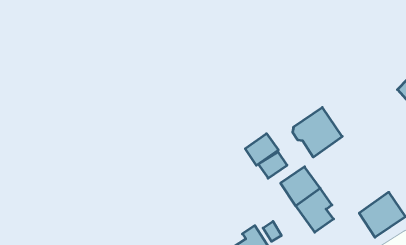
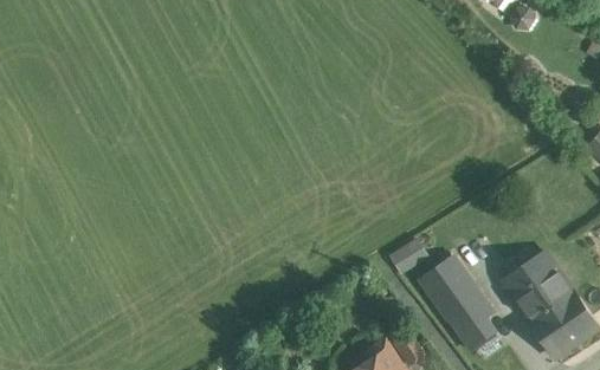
building: [293,107,342,157] -> [503,252,574,323]
building: [245,134,278,165] -> none

